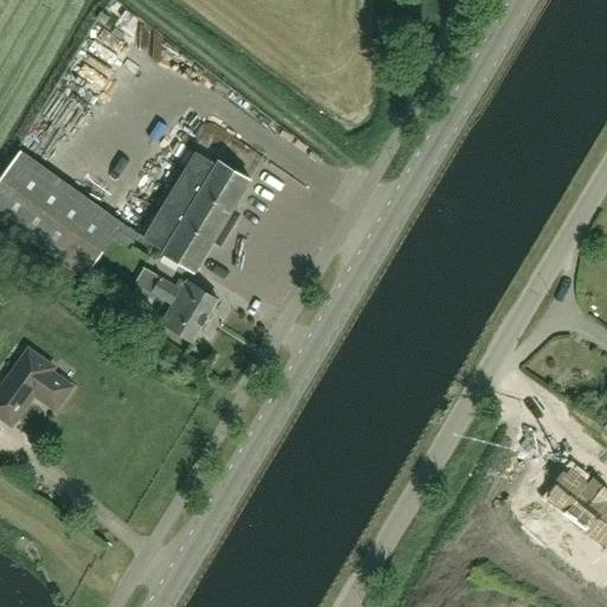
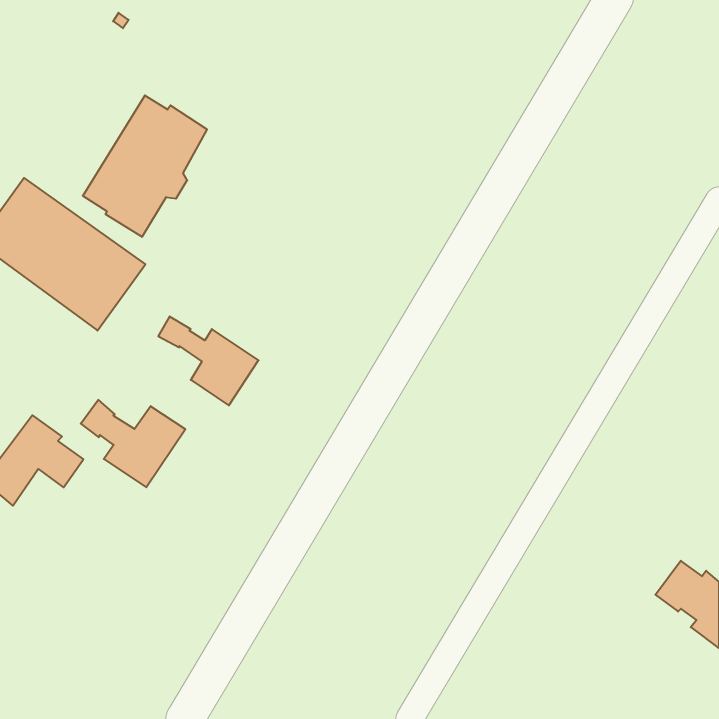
building: [143,153,248,271] -> [83,95,207,237]
building: none -> [81,400,185,487]

